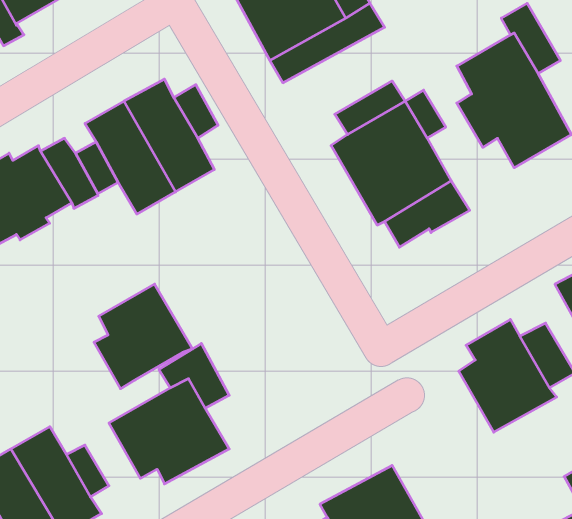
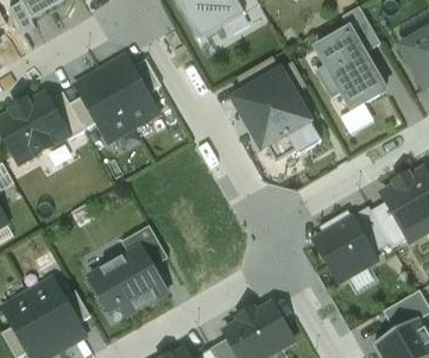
building: [94,284,193,389] -> none

